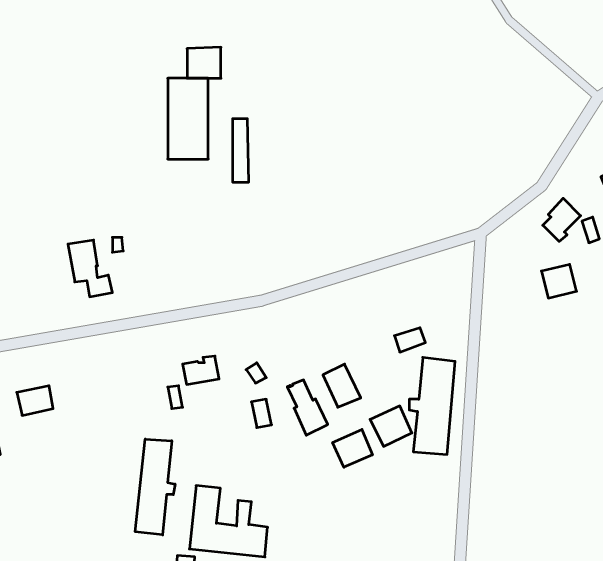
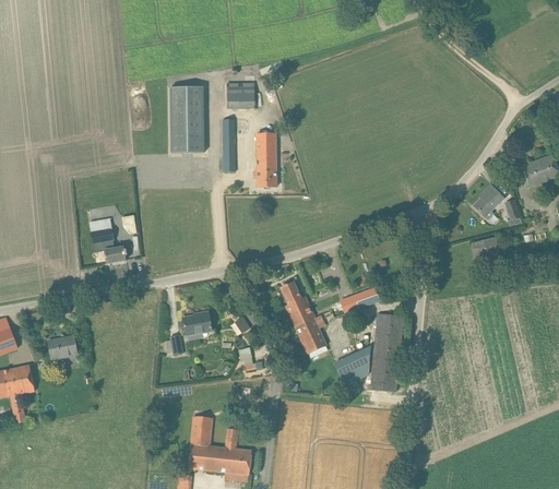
building: [187,47,221,78] -> [227,82,254,107]
building: none -> [257,133,276,186]
building: [287,380,328,435] -> [281,282,313,326]
building: [333,429,372,467] -> none
building: [135,439,175,535] -> none

